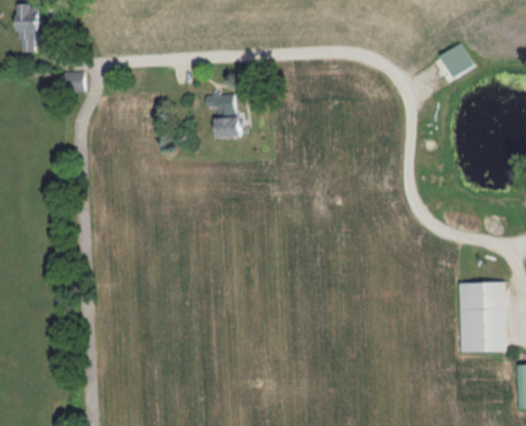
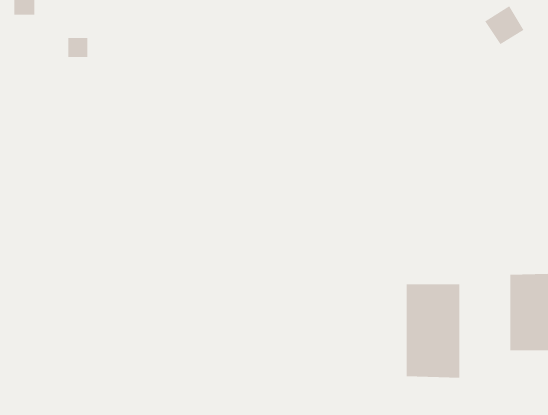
building: [205,93,238,139] -> none
building: none -> [406,284,460,378]

